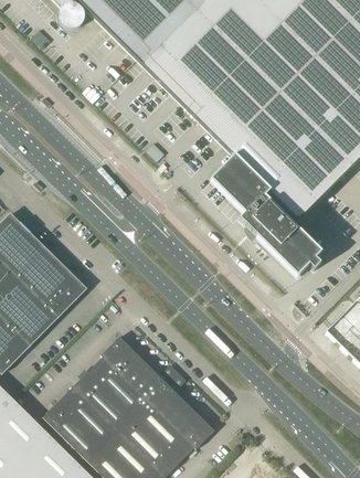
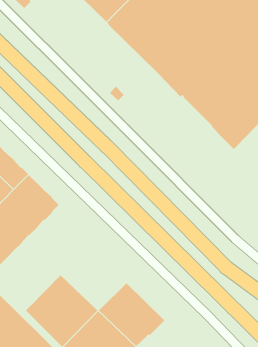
building: [212,156,321,275] -> none
building: [86,334,167,416] -> none

